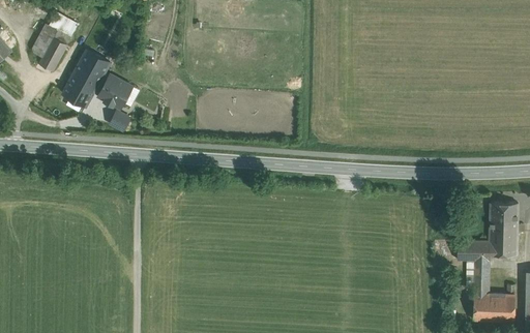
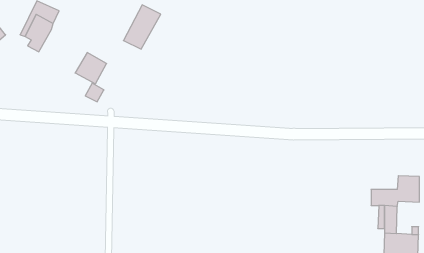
building: [64,51,110,104] -> [123,5,161,49]
building: [491,202,518,223] -> none

